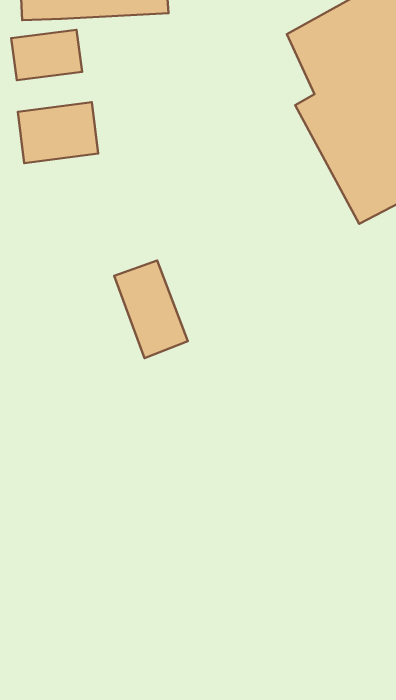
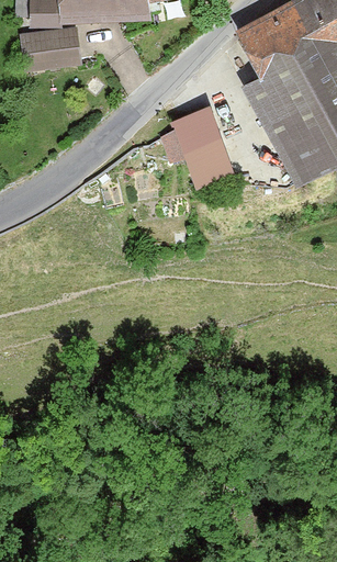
building: [18,102,98,163] -> none
building: [114,260,188,358] -> [176,112,234,189]

